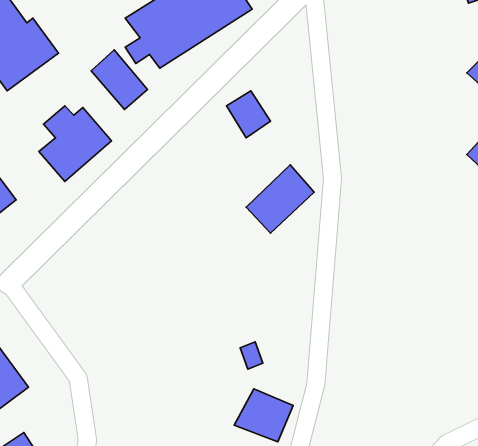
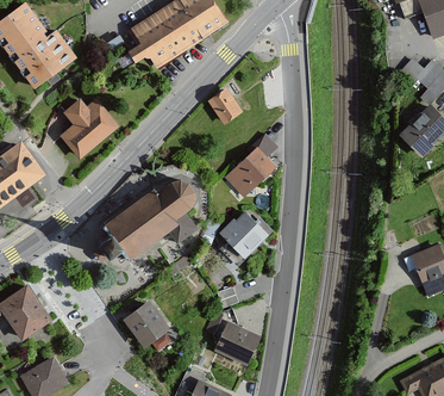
building: [91,50,148,109] -> none
building: none -> [99,184,194,261]
building: none -> [219,209,273,259]
building: none -> [125,299,173,351]

